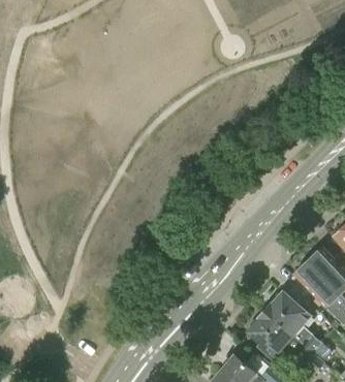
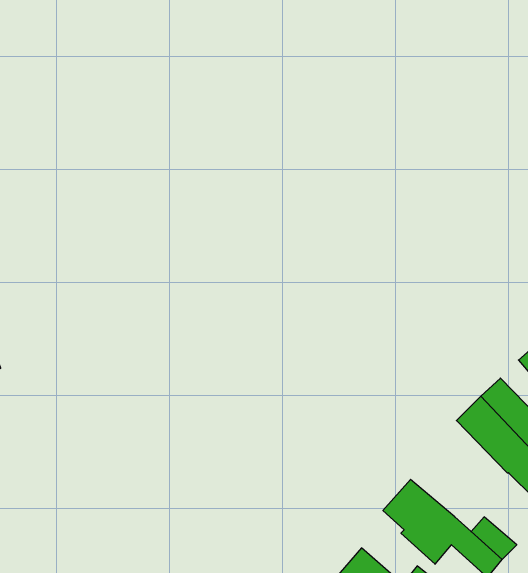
building: [265,290,311,335] -> none

